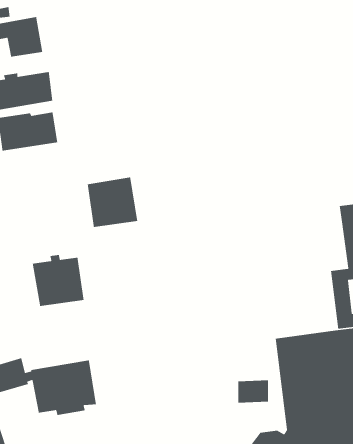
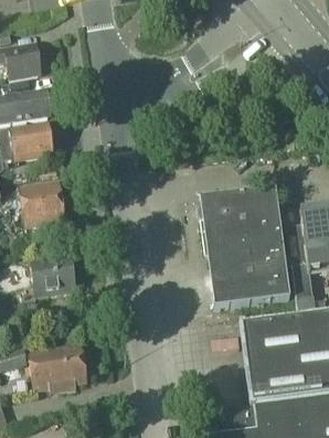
building: [87,176,138,228] -> [19,180,64,225]
building: none -> [195,188,289,308]

